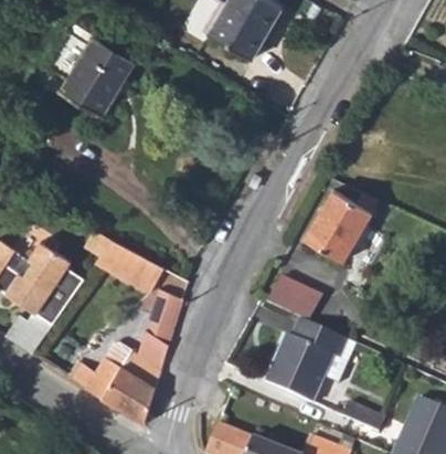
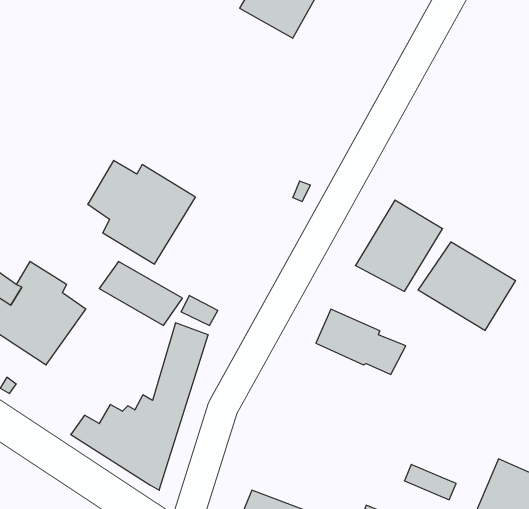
building: [47,31,135,115] -> [88,160,195,264]
building: none -> [418,242,515,331]
building: [263,318,353,402] -> none

